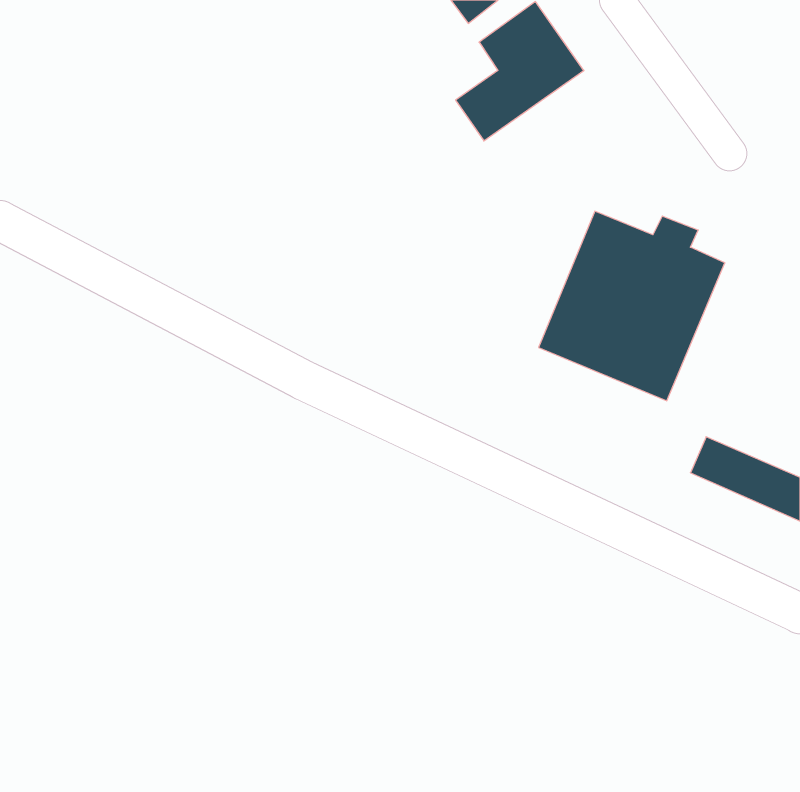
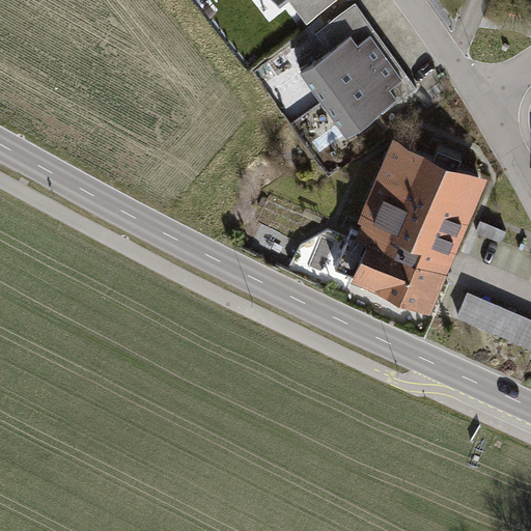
building: none -> [320,52,415,138]
building: none -> [338,234,442,307]

